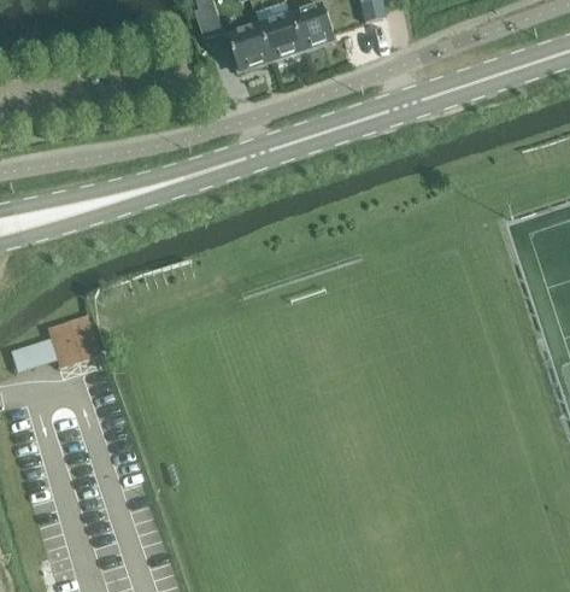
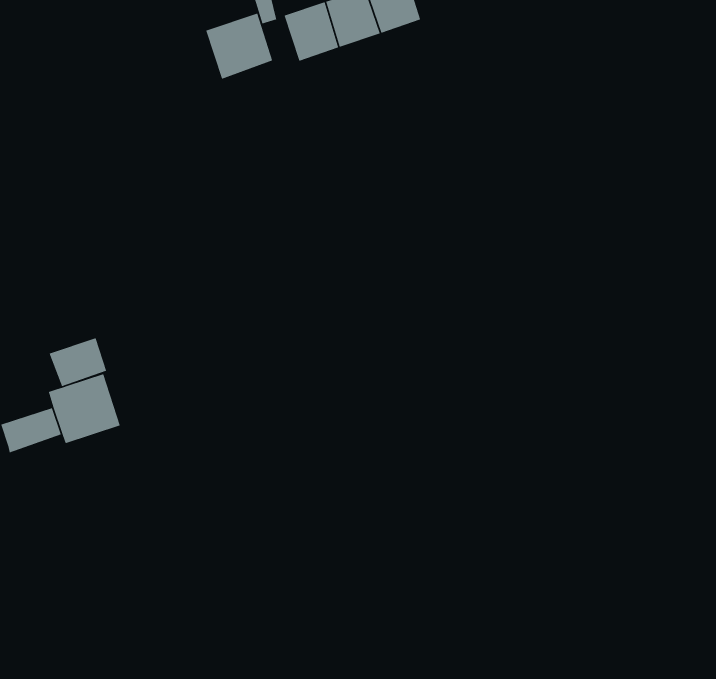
building: none -> [205,13,273,80]
building: none -> [48,337,107,387]

